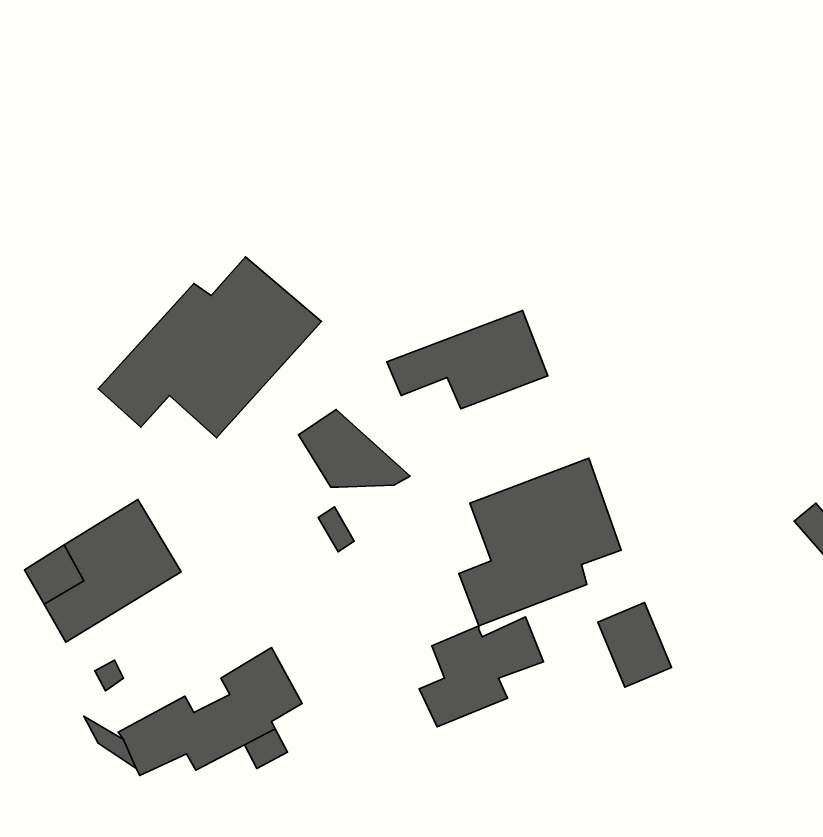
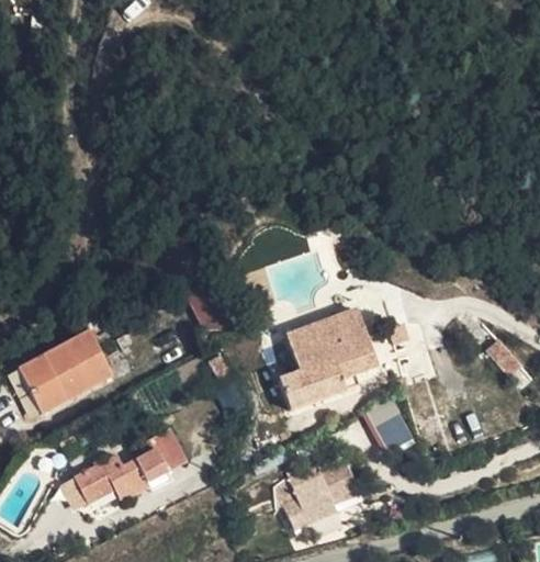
building: [98,257,321,438] -> none
building: [387,311,548,409] -> none
building: [419,617,544,727] -> [280,462,356,529]

